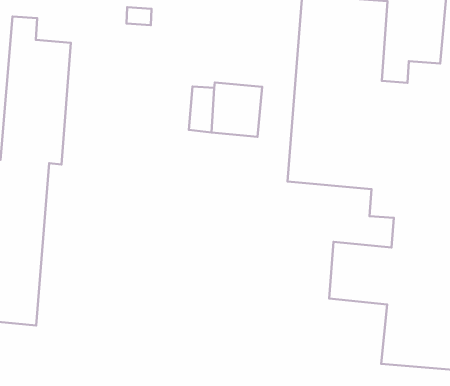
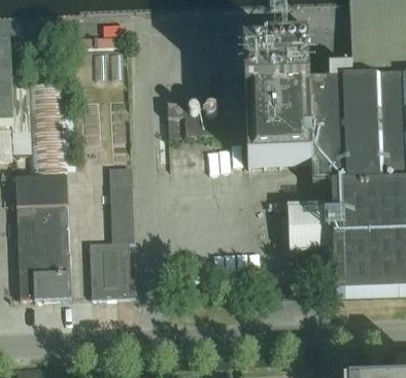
building: none -> [90,167,137,299]

